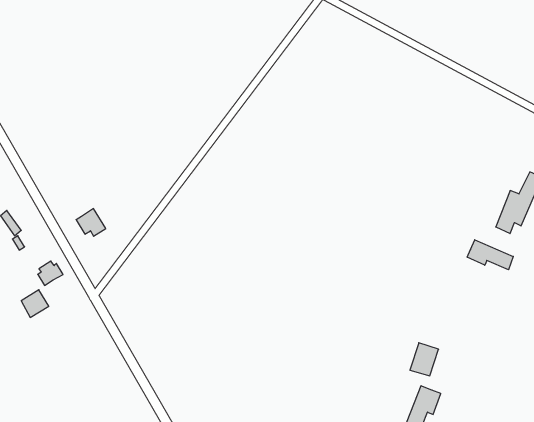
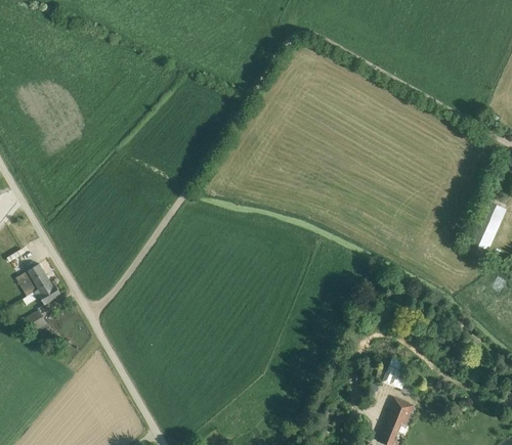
building: [76,209,106,236] -> [23,265,50,291]
building: [467,240,513,270] -> none

